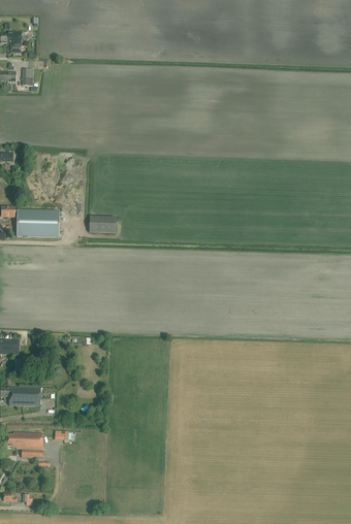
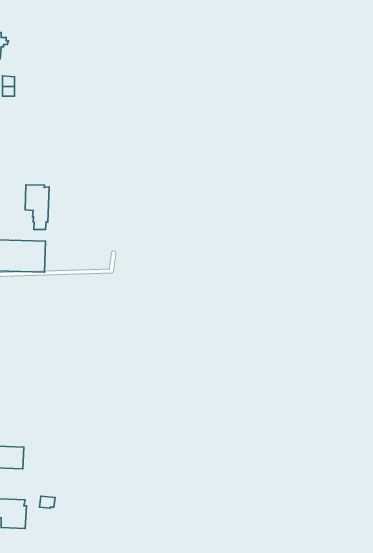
building: none -> [25,185,49,230]
building: [87,216,116,234] -> none

